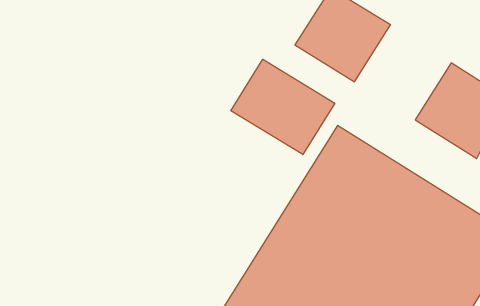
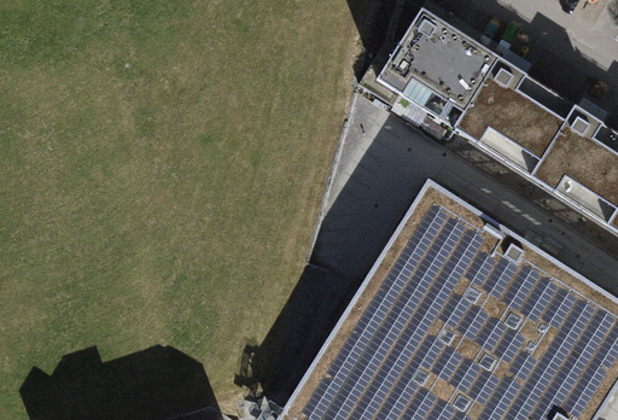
building: none -> [453,54,576,175]
building: [231,59,335,155] -> none

